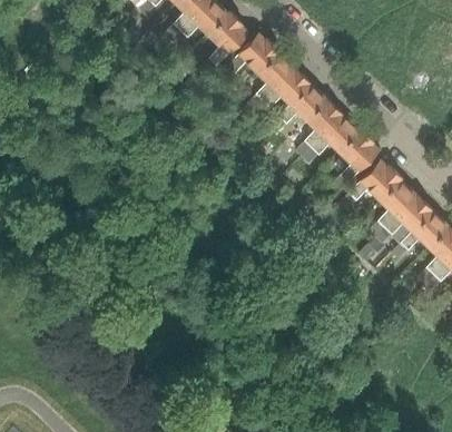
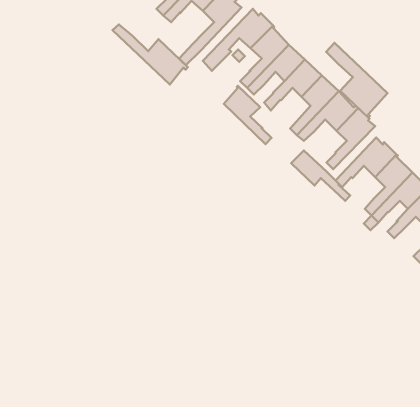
building: none -> [112,24,188,85]
building: none -> [326,43,388,117]
building: none -> [224,86,271,144]
building: none -> [291,150,350,201]

